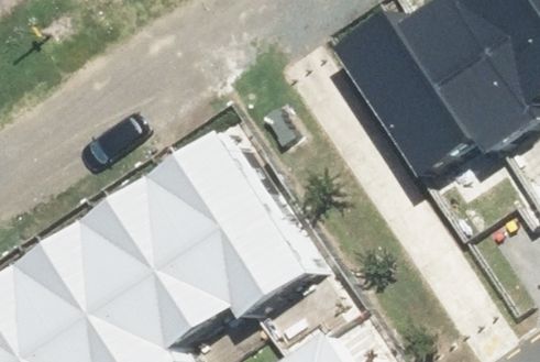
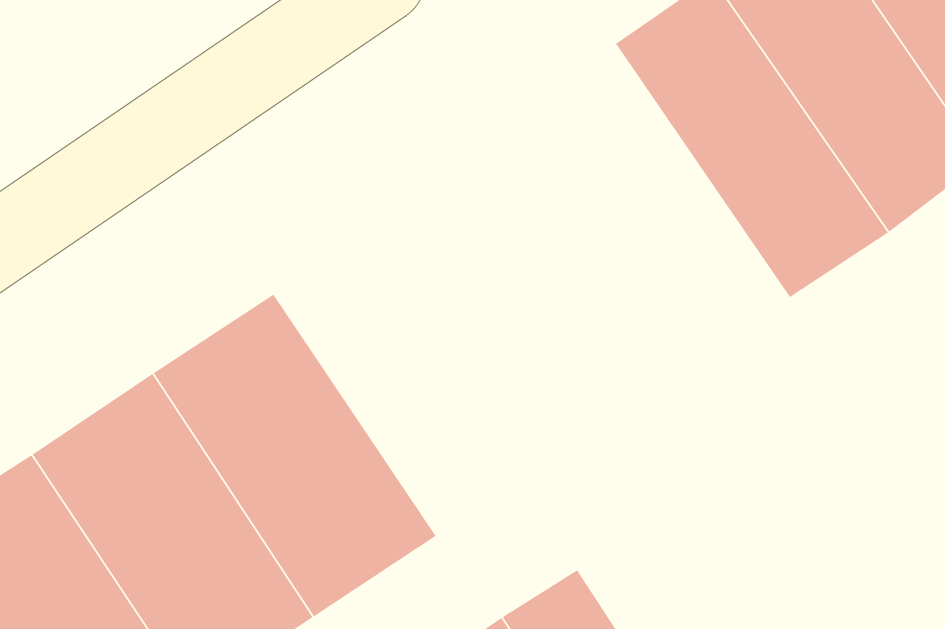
building: [158,131,316,309] -> none

